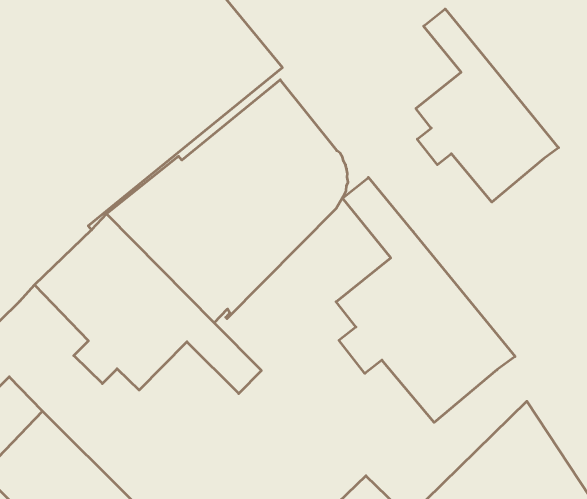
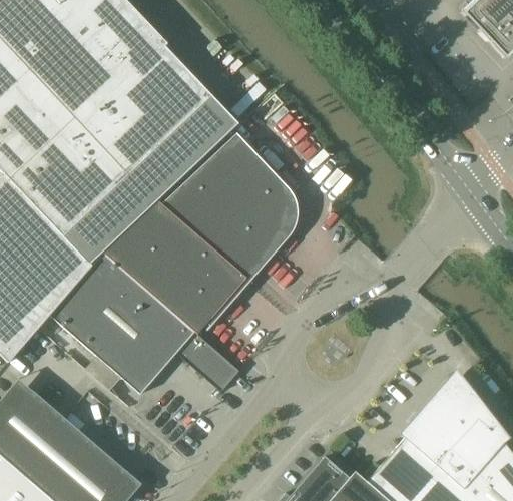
building: [416,9,559,202] -> none
building: [336,177,515,422] -> none

